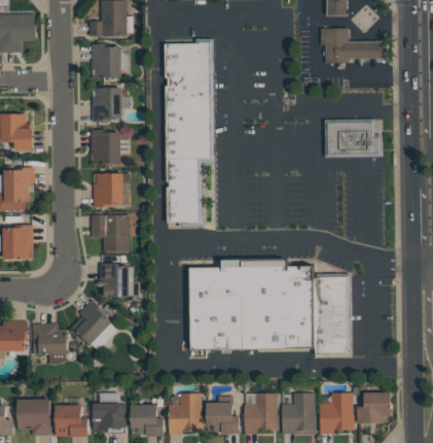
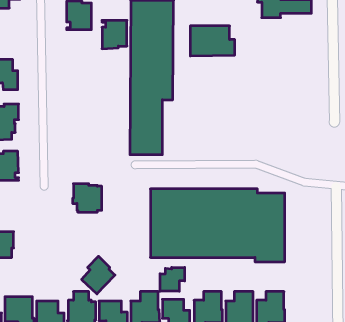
building: [92,88,121,122] -> [102,20,127,49]
building: [325,120,378,156] -> [190,26,235,56]
building: [89,129,119,163] -> none
building: [93,173,129,206] -> none
building: [91,214,129,250] -> none
building: [71,299,111,344] -> [82,256,115,294]
building: [31,322,67,363] -> none
building: none -> [160,267,185,291]
building: [357,391,390,422] -> none

